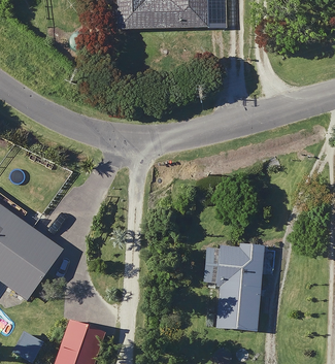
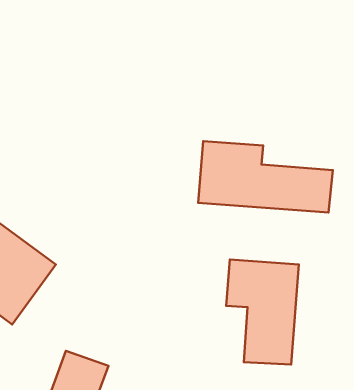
building: none -> [198,141,333,212]

